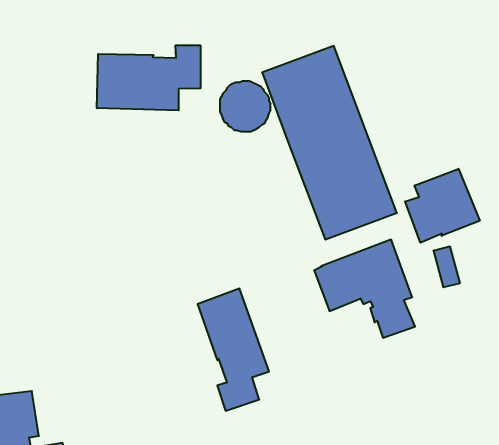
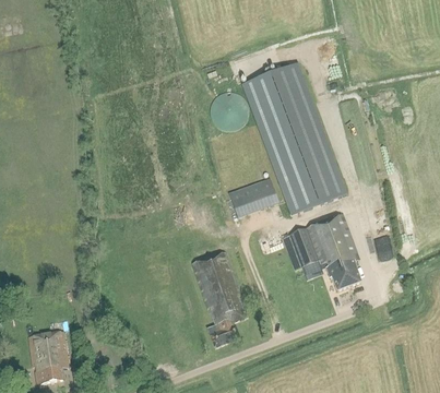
building: [97,45,200,110] -> none
building: [405,169,480,243] -> none
building: none -> [229,178,278,218]

